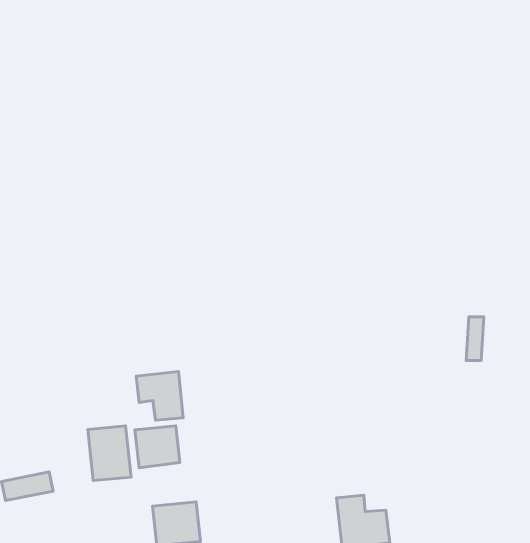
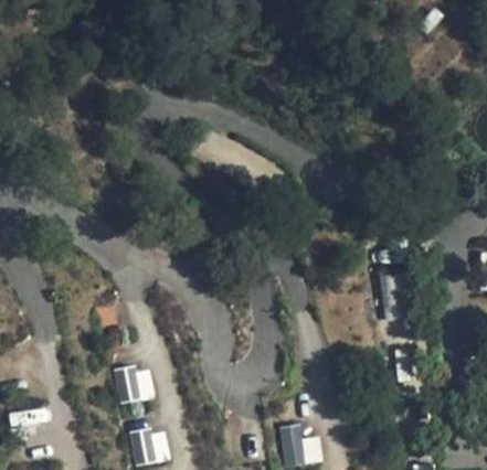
building: [136,372,183,420] -> none
building: [88,426,131,481] -> none

